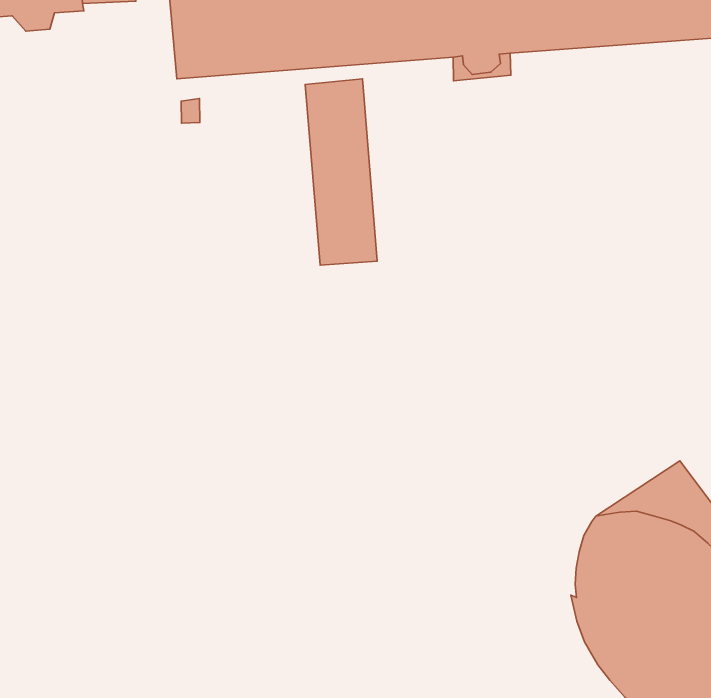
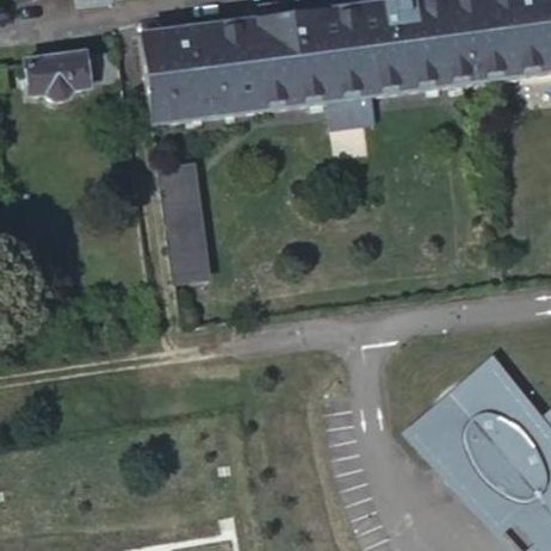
building: [305,79,377,265] -> [160,159,213,281]
building: none -> [401,394,450,490]

